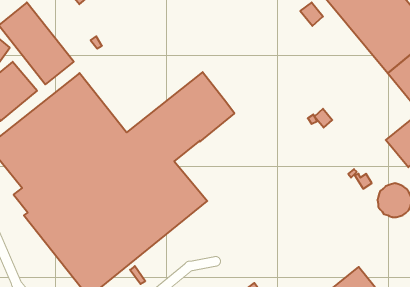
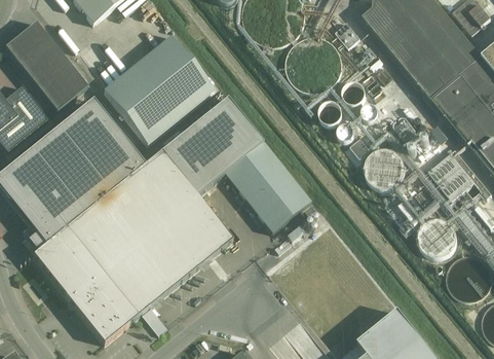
building: none -> [104,34,215,143]
building: none -> [225,142,311,231]
building: none -> [366,150,403,186]

